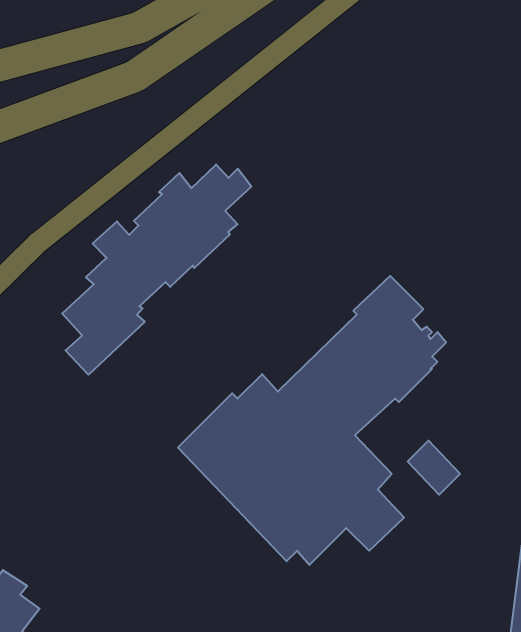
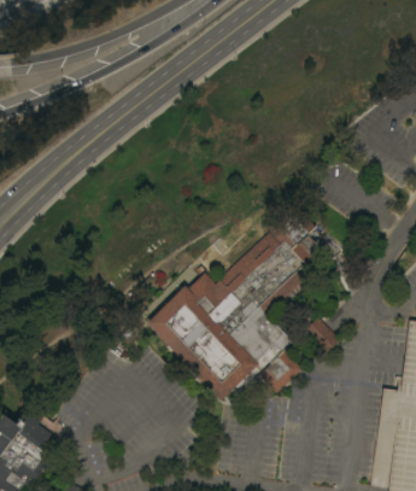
building: [62,164,251,375] -> none

